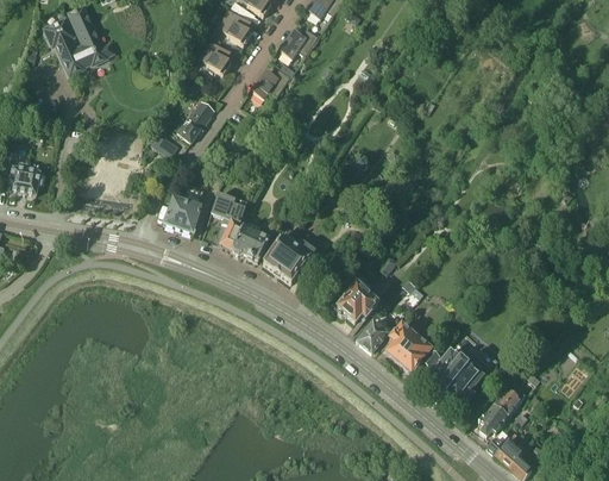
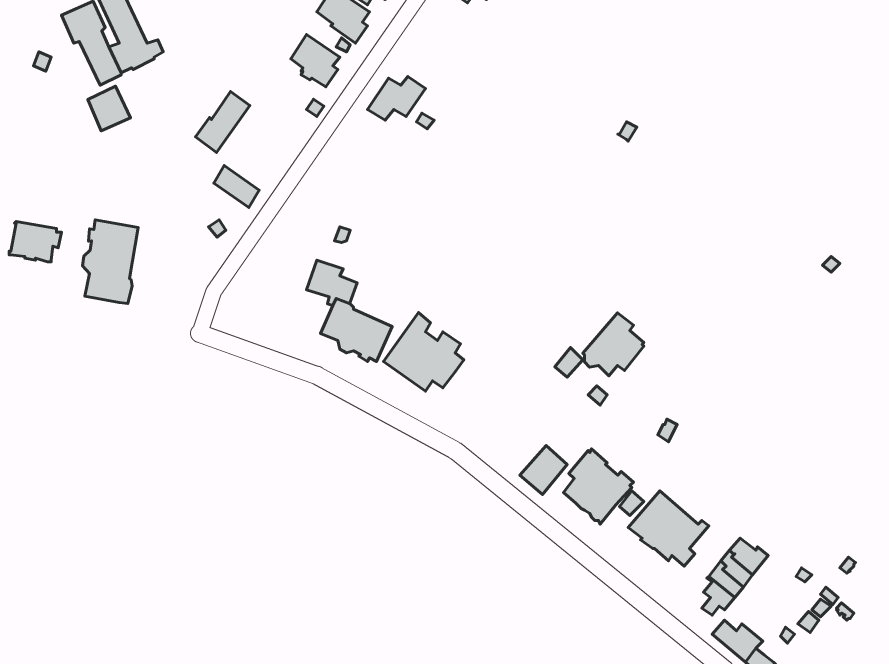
building: [281,27,319,58] -> none
building: none -> [88,86,130,131]
building: [177,100,214,142] -> [196,91,250,153]
building: none -> [83,220,138,304]
building: [164,190,201,233] -> none
building: [337,280,378,323] -> [583,313,644,376]

